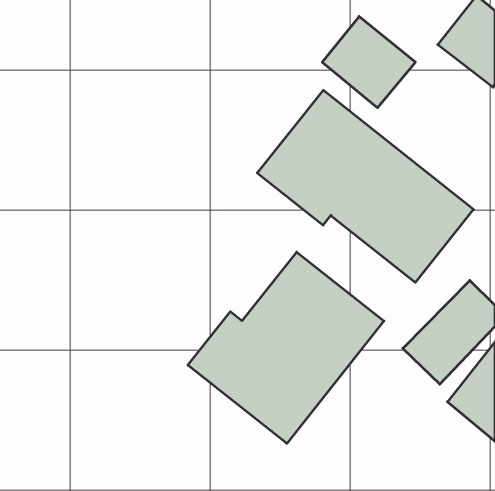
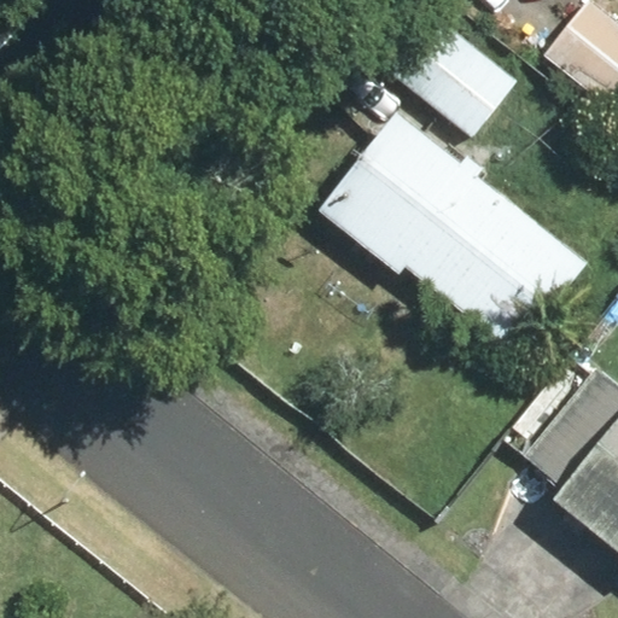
building: [188,252,384,443] -> none

